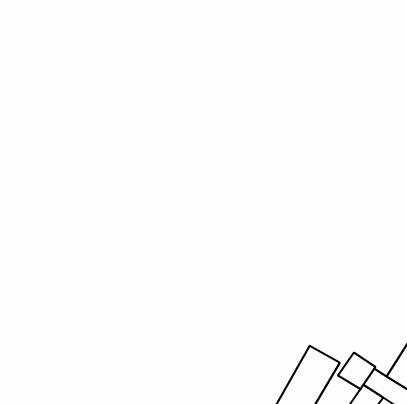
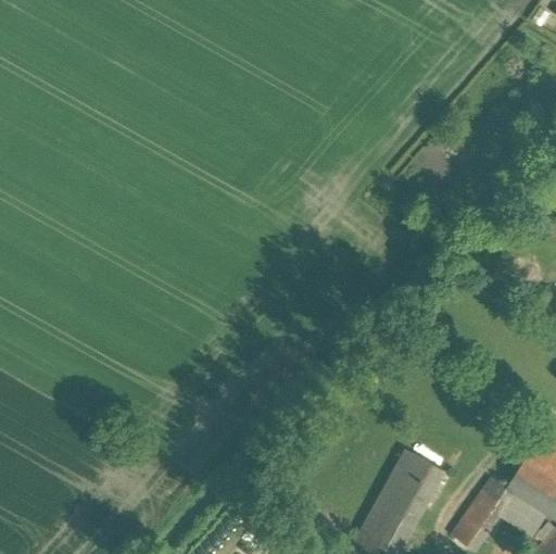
building: [338,353,375,389] -> none

